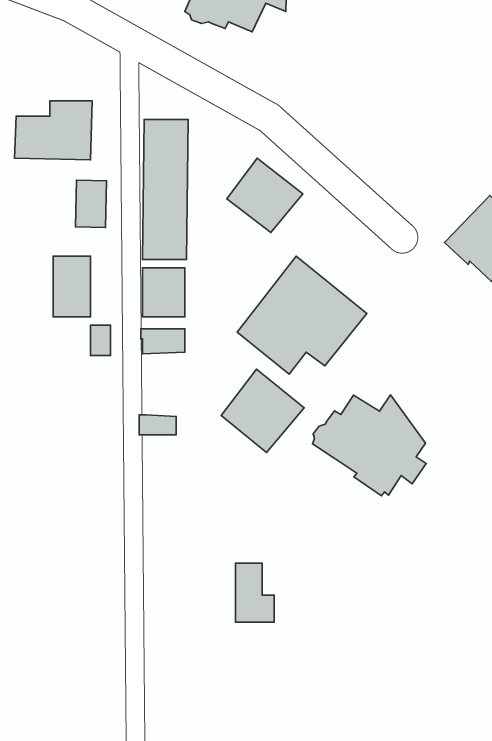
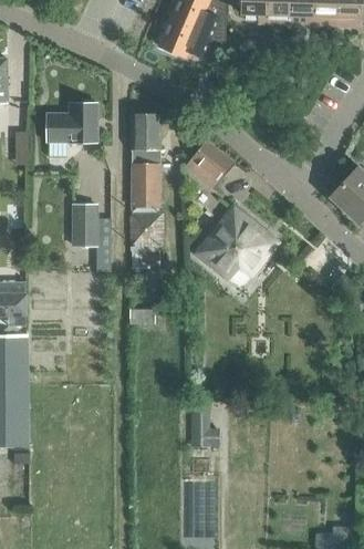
building: [75,180,107,227] -> none
building: [221,369,304,453] -> none
building: [313,395,426,496] -> none

